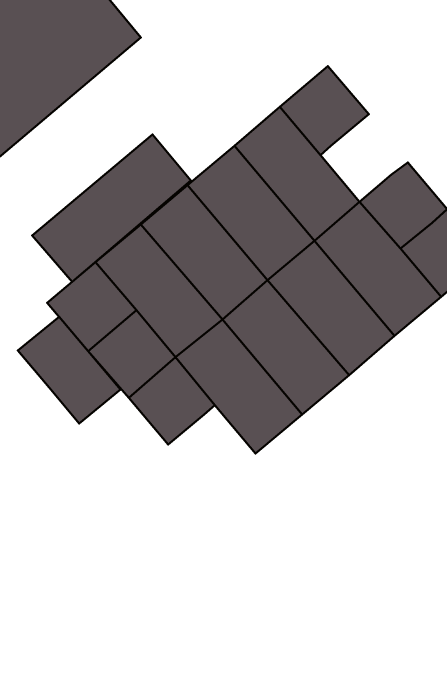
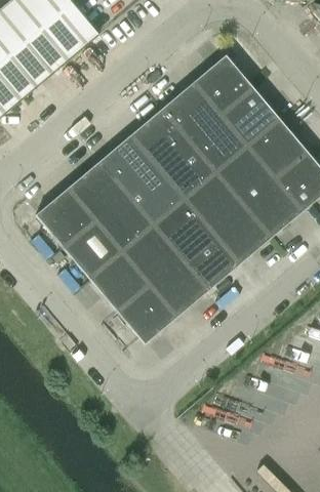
building: none -> [222,86,281,146]
building: [32,135,191,282] -> none
building: [18,317,120,423] -> none
building: none -> [118,284,177,343]

